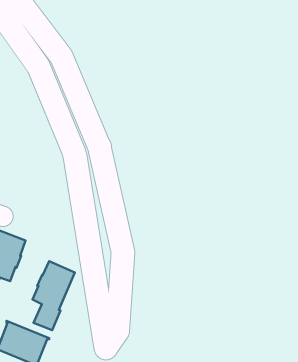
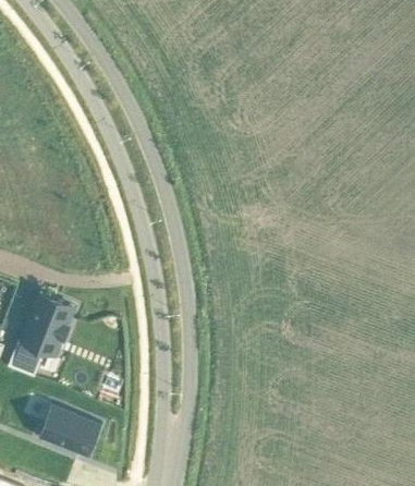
building: [32,261,75,330] -> none

